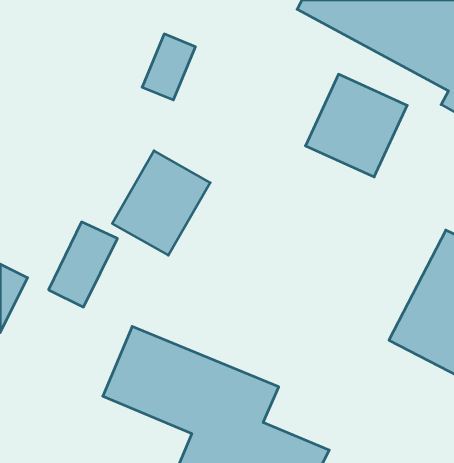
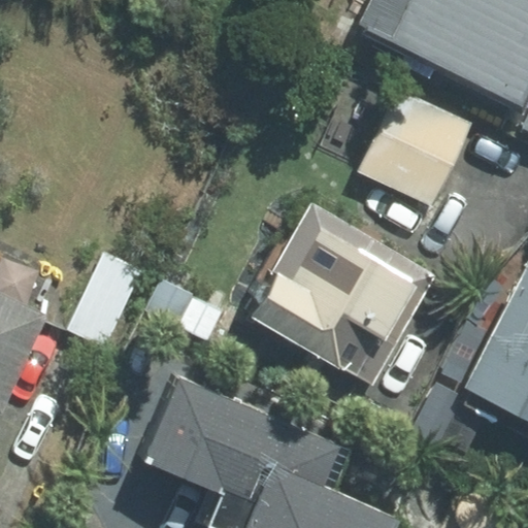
building: [112,151,210,255] -> none
building: none -> [242,202,433,388]

